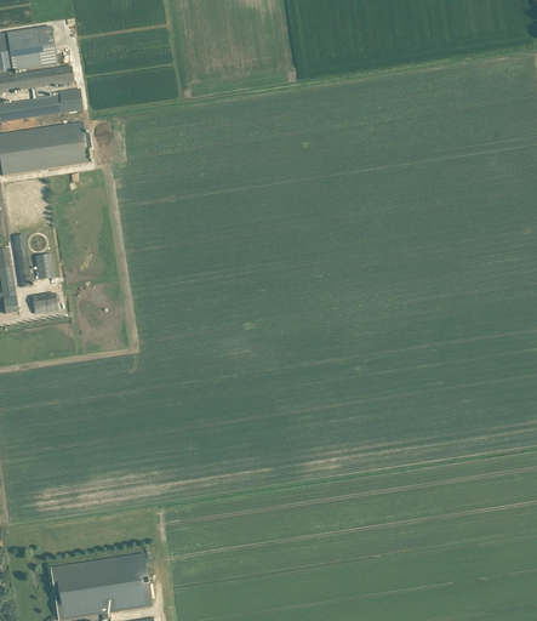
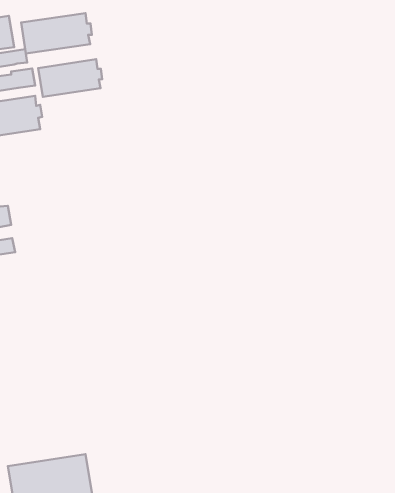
building: none -> [21,13,92,54]
building: none -> [38,59,102,97]

